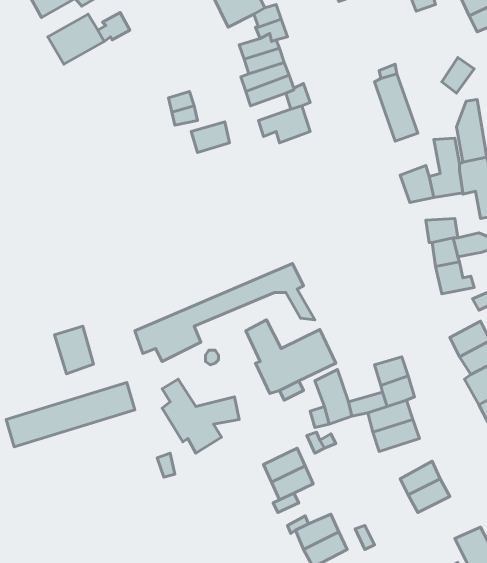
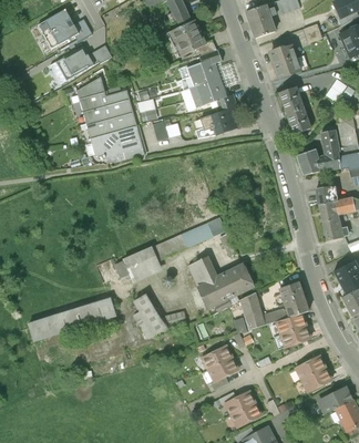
building: none -> [270,43,300,78]
building: none -> [76,78,143,164]
building: [55,326,94,374] -> none
building: none -> [317,384,352,412]

